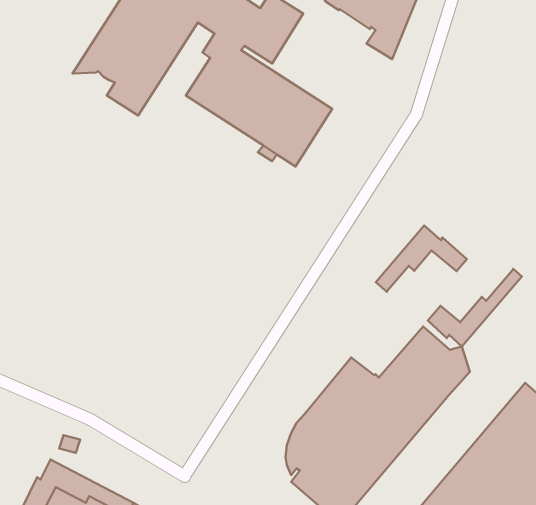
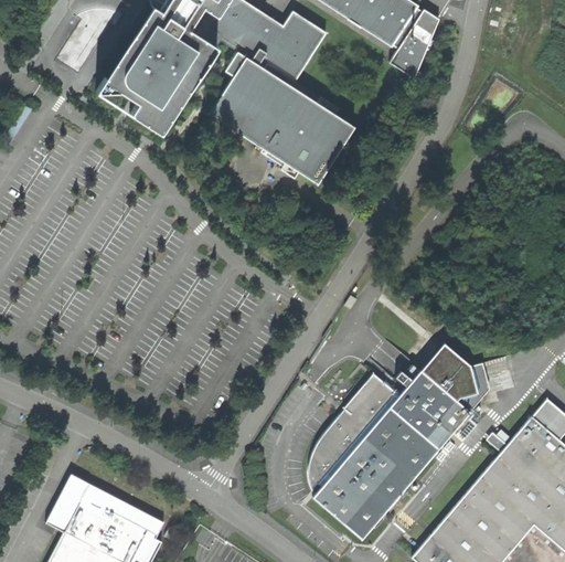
building: [376,226,467,292] -> none
building: [428,269,522,346] -> none

